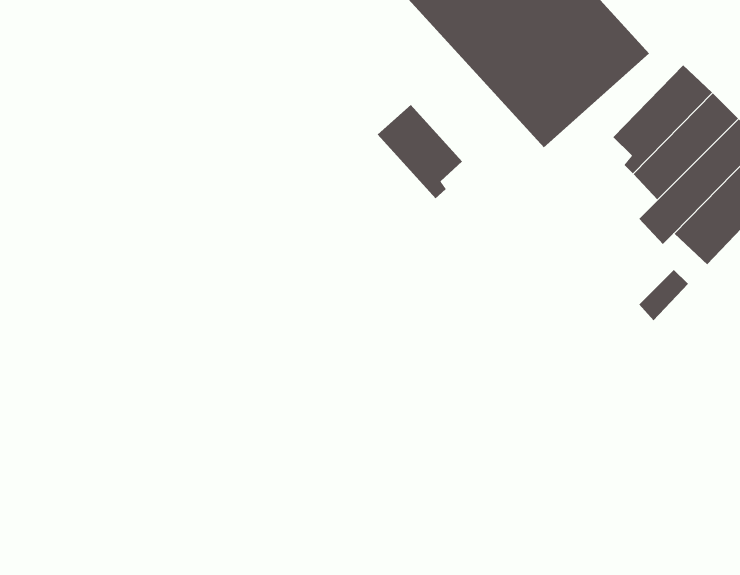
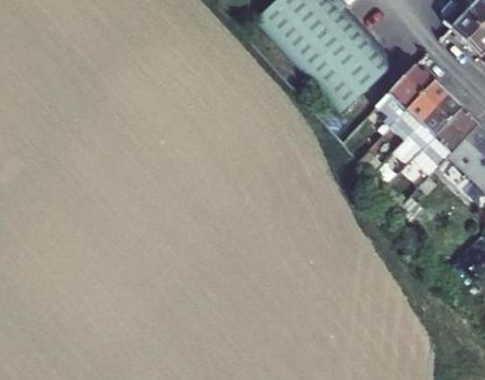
building: [377,104,463,199] -> none

